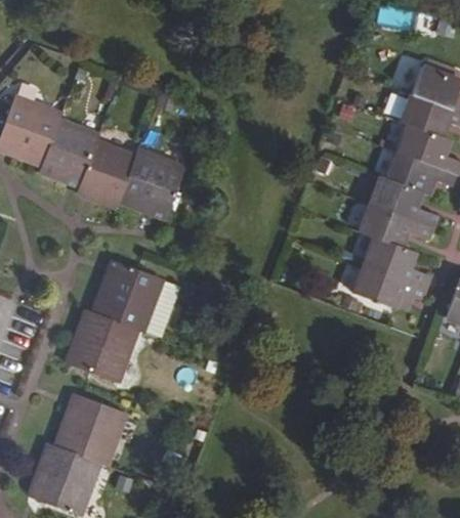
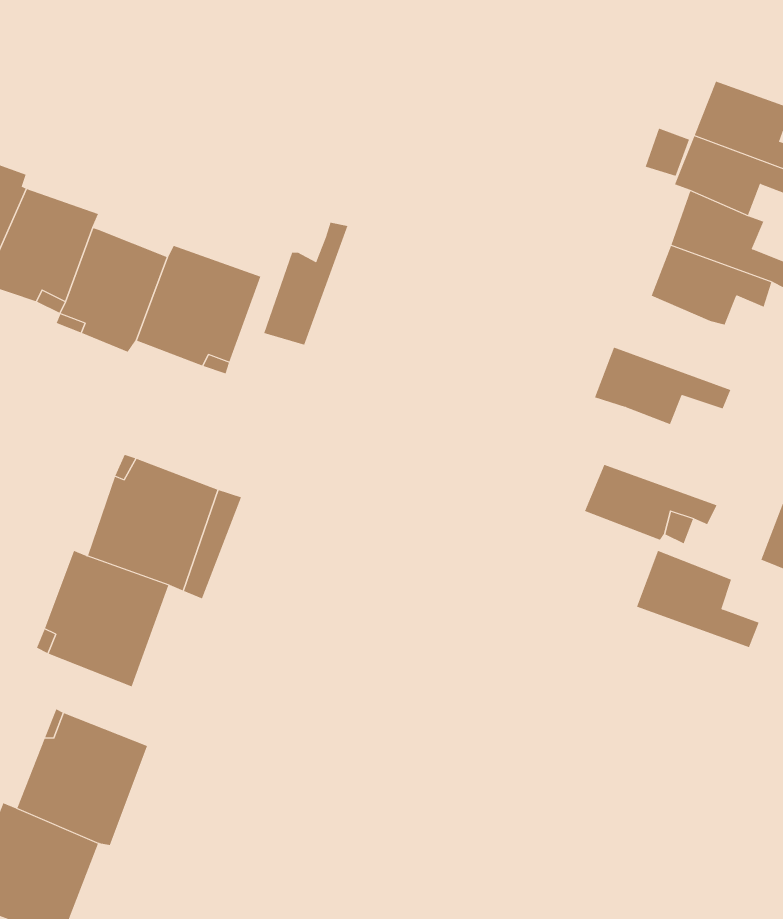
building: none -> [264,222,348,346]
building: [369,176,435,226] -> none
building: [364,235,428,287] -> [636,550,759,648]

